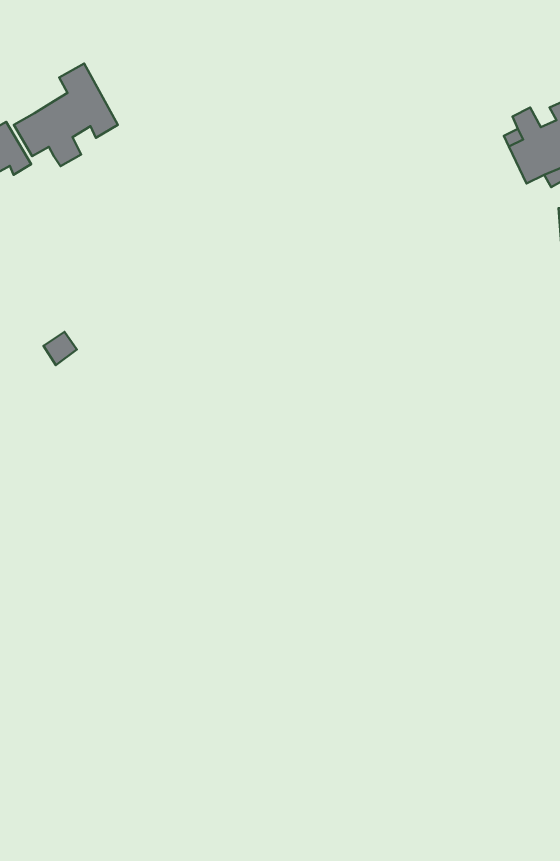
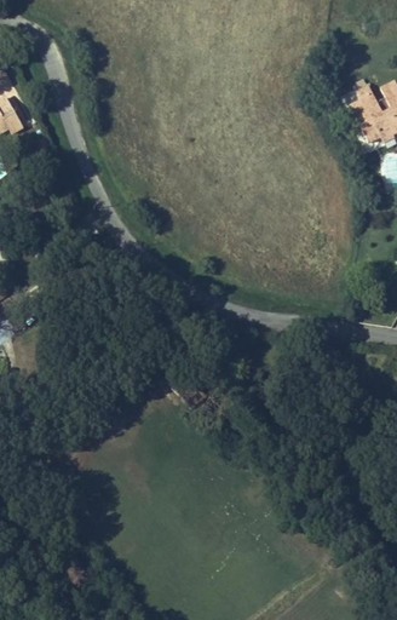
building: [14,64,118,166] -> none

